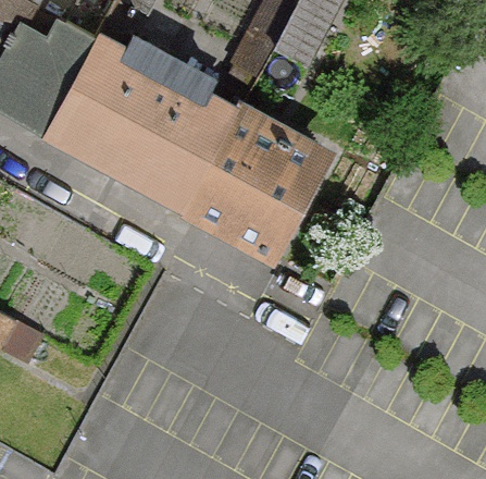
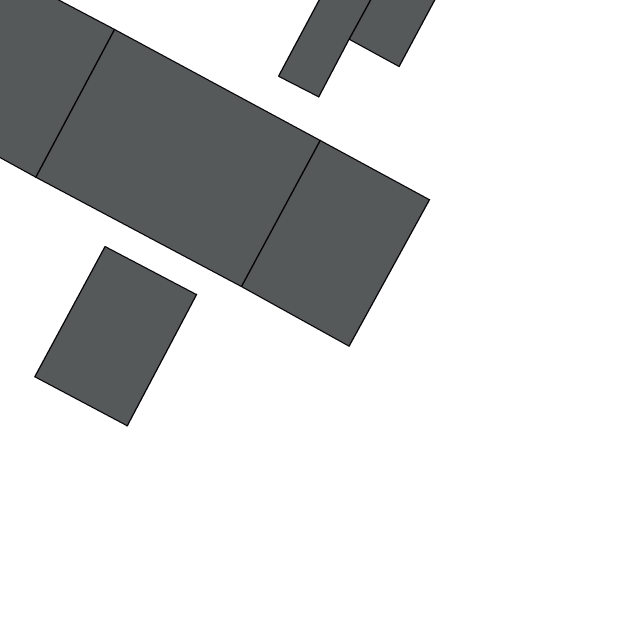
building: none -> [35,247,197,426]

